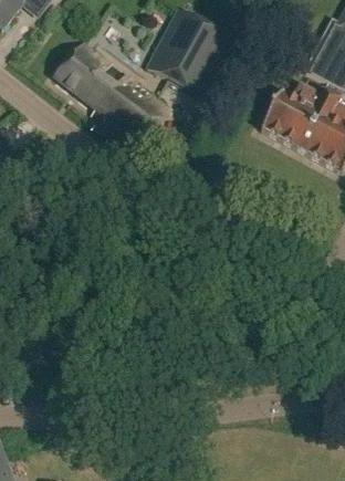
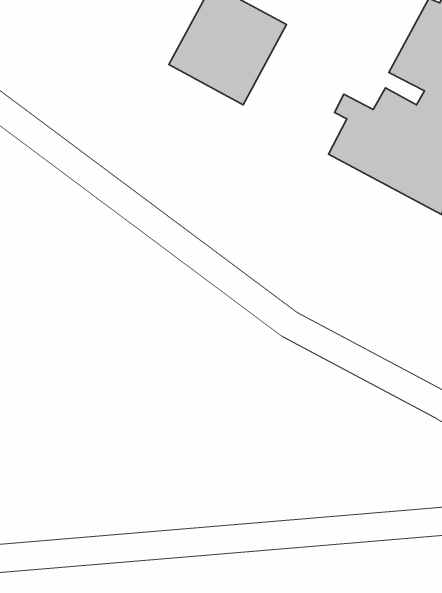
building: [54,39,170,148] -> none

